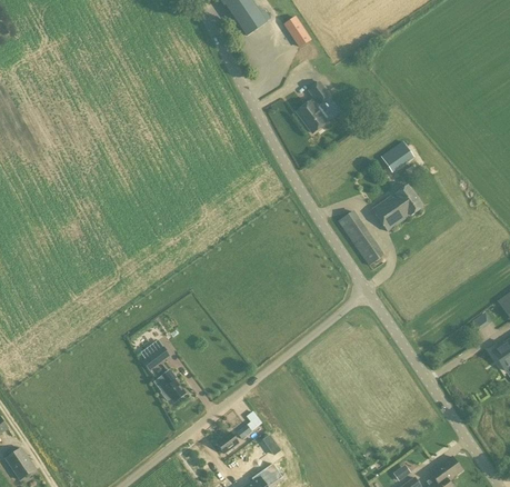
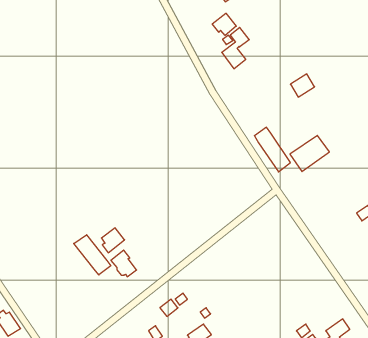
building: none -> [212,13,236,35]
building: [371,185,422,231] -> [290,135,329,172]
building: none -> [74,235,111,275]

